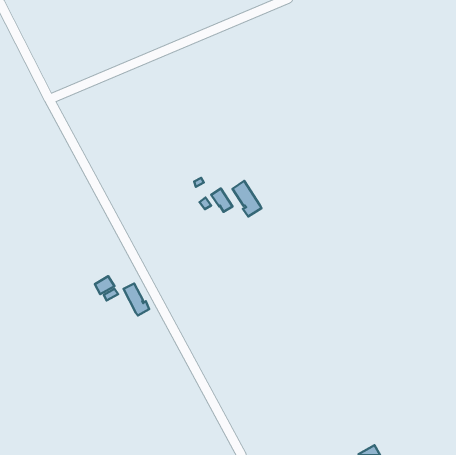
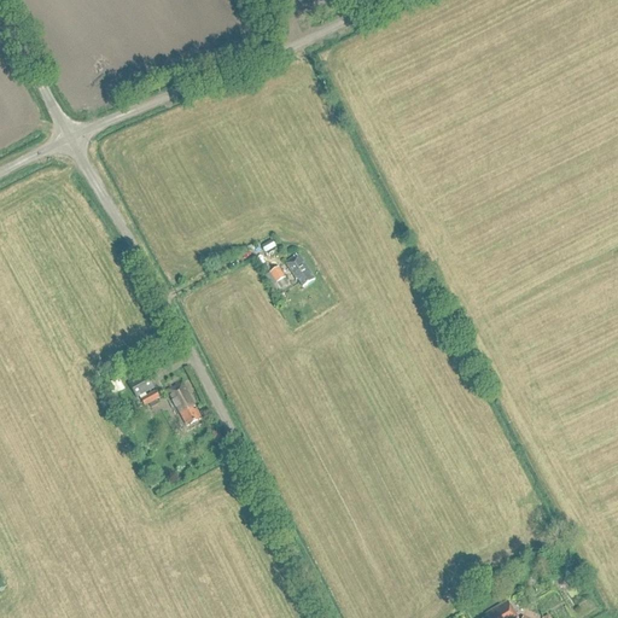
building: [233,181,261,216] -> none

